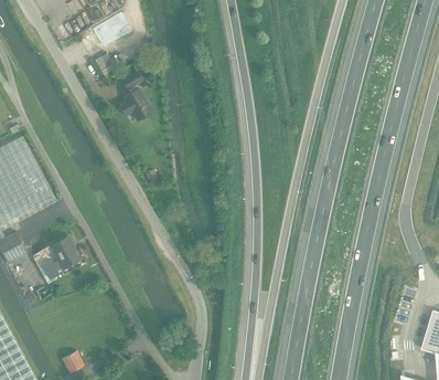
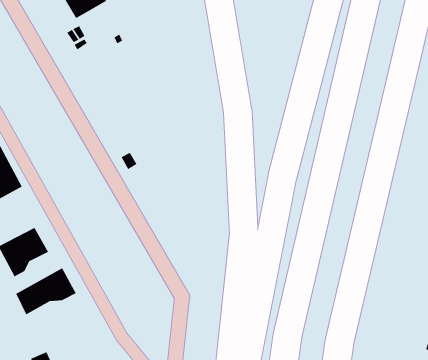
building: [119,72,151,120] -> none
building: none -> [15,267,77,315]

